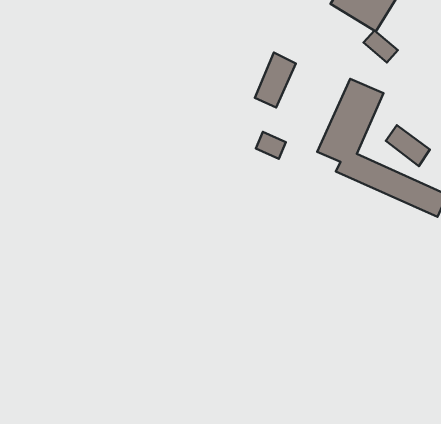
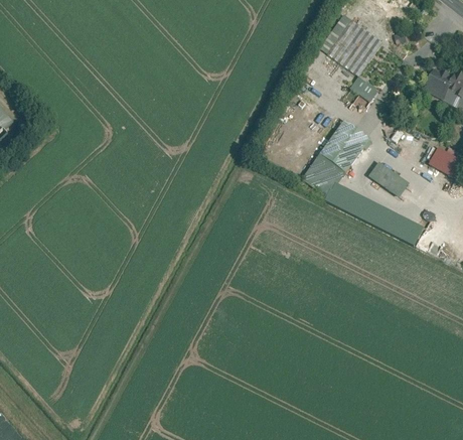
building: [255,53,296,108] -> none
building: [256,132,286,159] -> none

